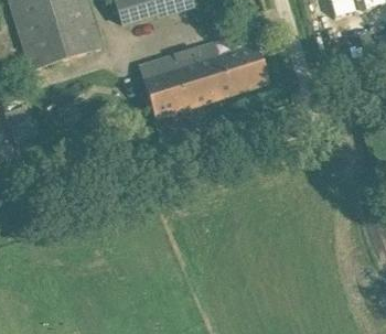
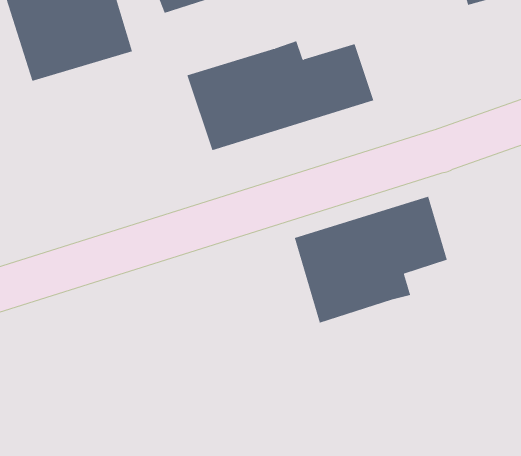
building: none -> [294,196,447,323]

